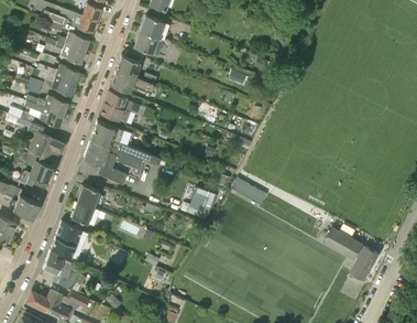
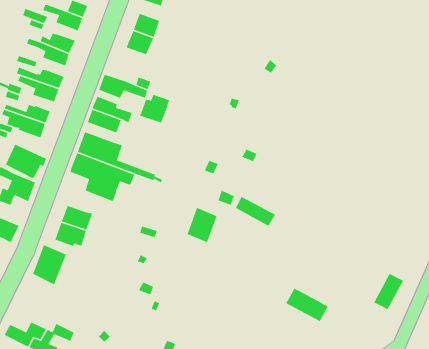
building: [116,51,143,77] -> [139,94,170,124]
building: [326,228,364,259] -> [285,287,329,322]
building: [43,250,91,300] -> none

